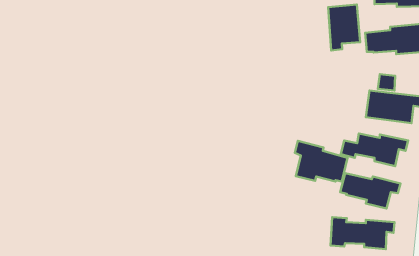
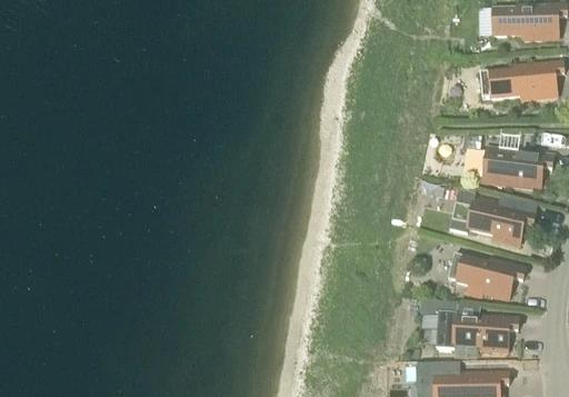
building: [328,5,360,50] -> none
building: [295,141,347,182] -> none

